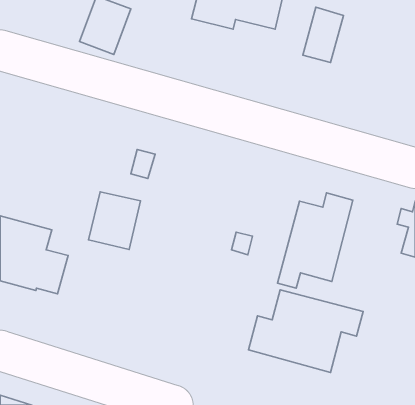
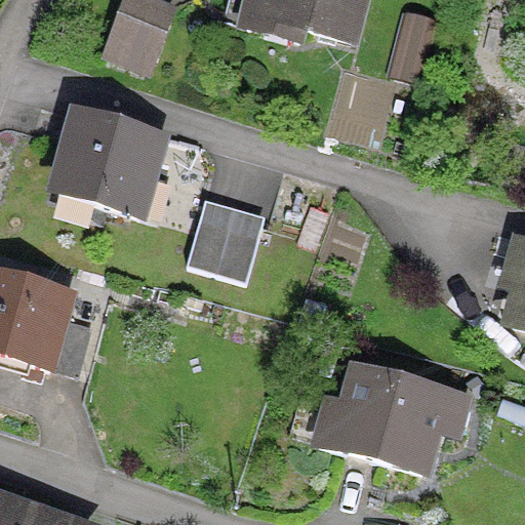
building: none -> [53,111,159,212]
building: [89,192,141,250] -> [198,206,264,279]
building: [277,193,353,288] -> none

